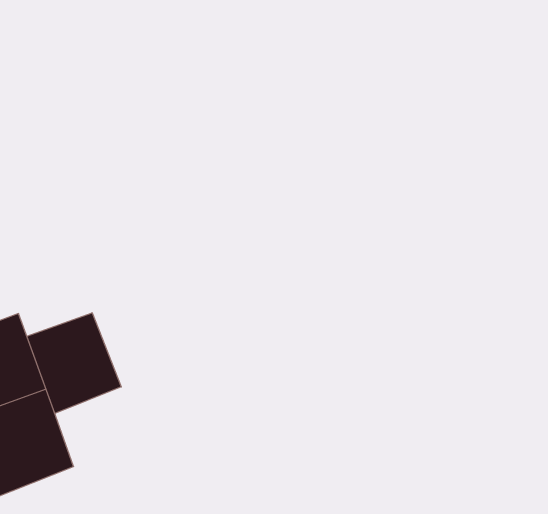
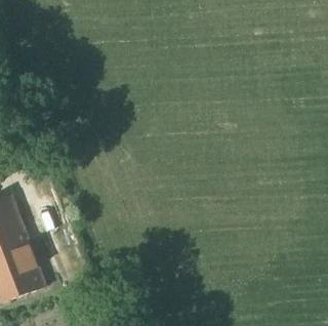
building: [27,313,121,414] -> none

